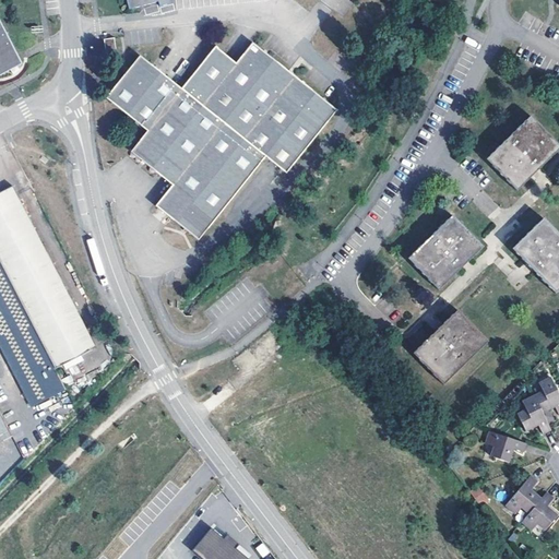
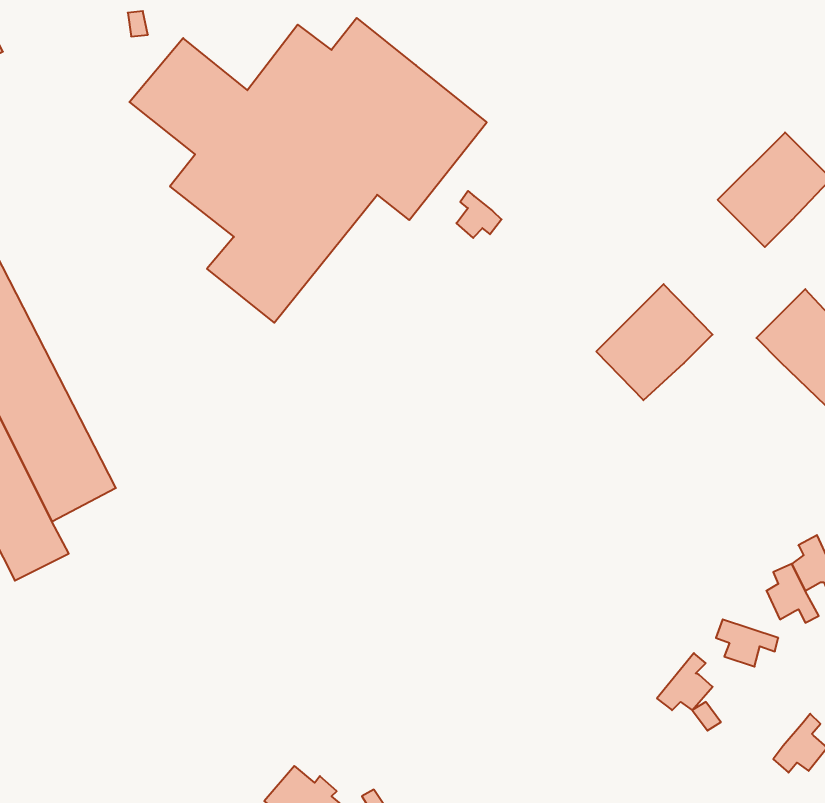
building: none -> [456,191,502,238]
building: [413,309,488,384] -> none
building: [506,476,542,513] -> [657,653,713,710]

